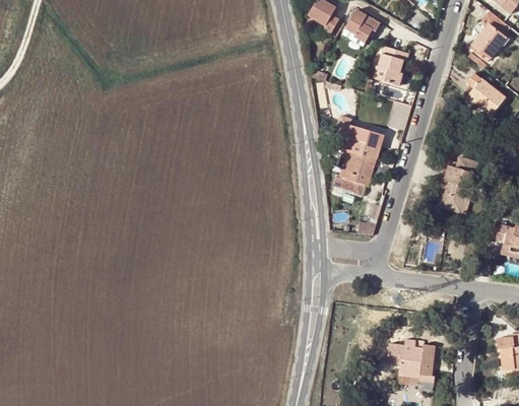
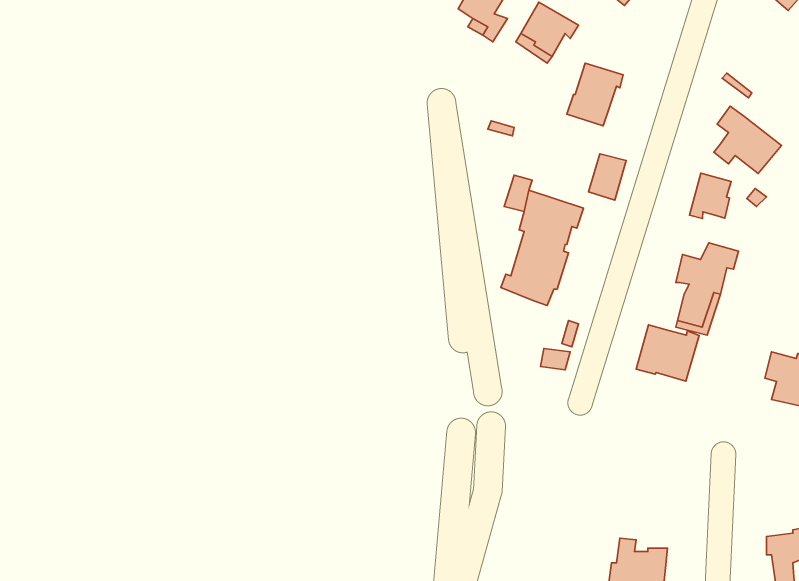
building: [471,14,509,62] -> none
building: none -> [689,173,731,218]
building: none -> [636,325,699,381]

